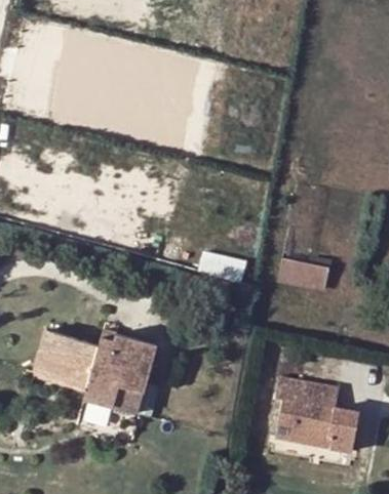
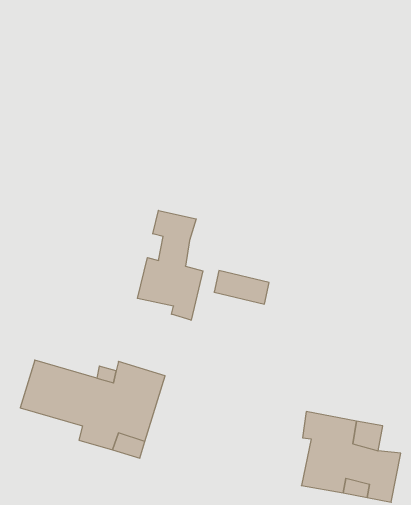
building: none -> [137,210,203,320]
building: [278,257,328,291] -> none

